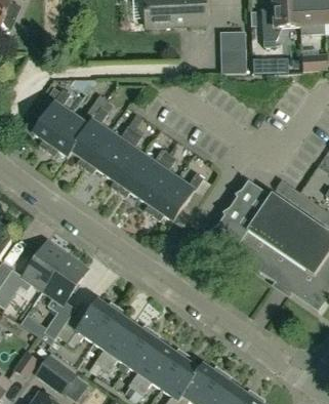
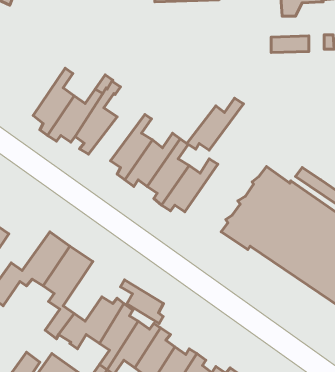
building: [220,30,247,70] -> none
building: [84,125,136,173] -> [187,98,243,150]
building: none -> [121,280,163,324]

